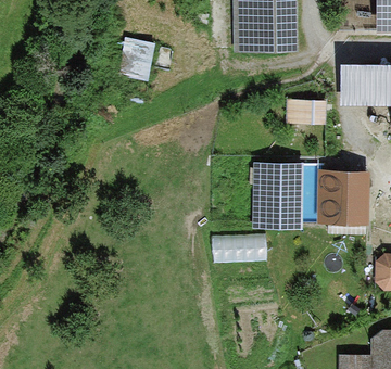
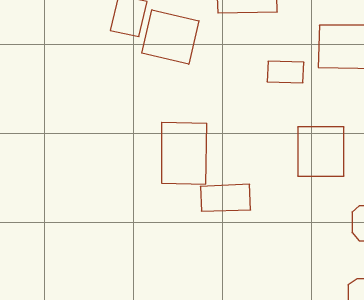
building: none -> [142,10,199,64]
building: [254,163,302,228] -> [162,122,207,184]

